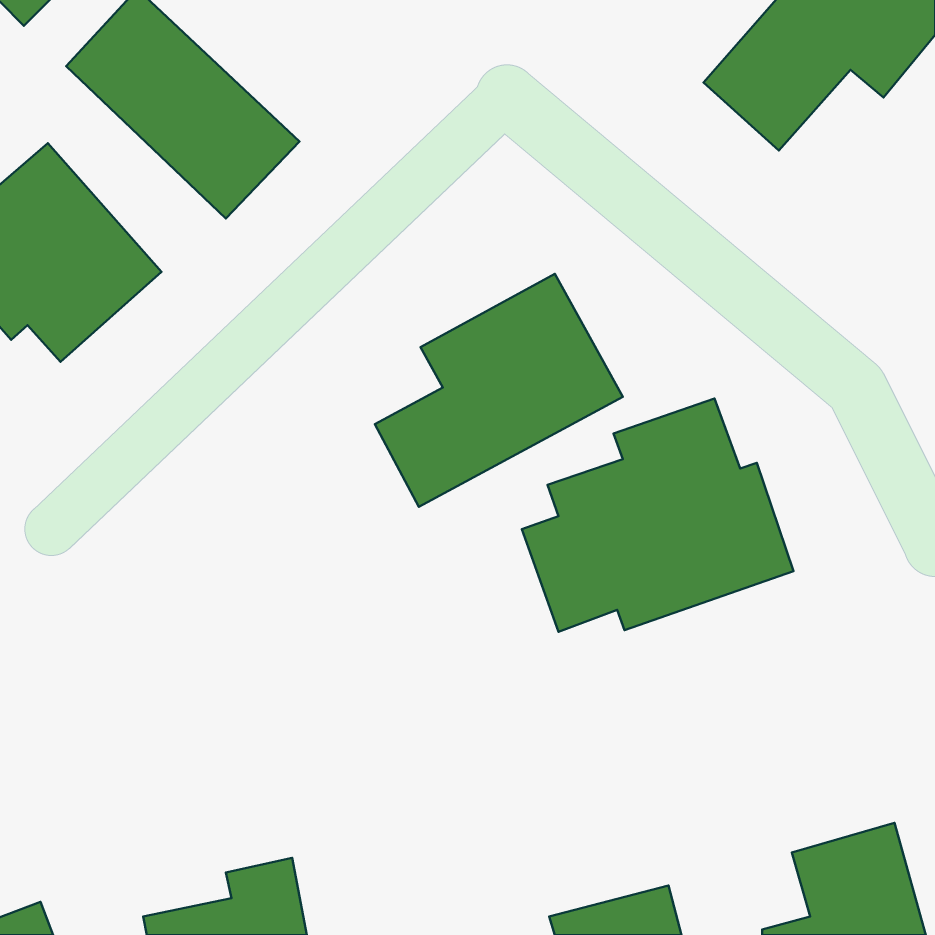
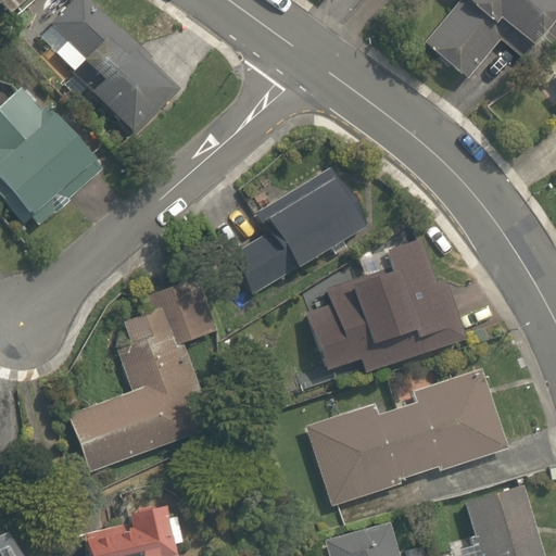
building: none -> [65,280,216,473]
building: none -> [307,369,506,507]

